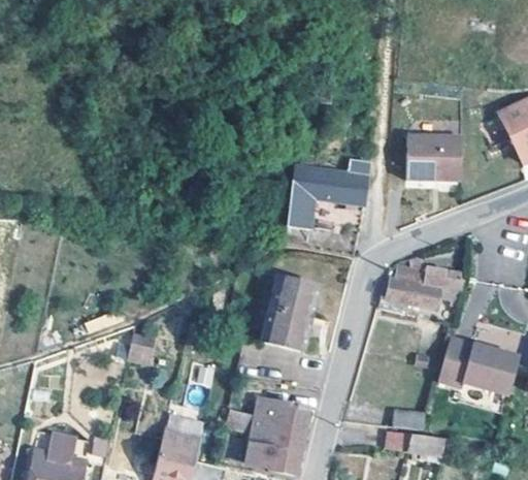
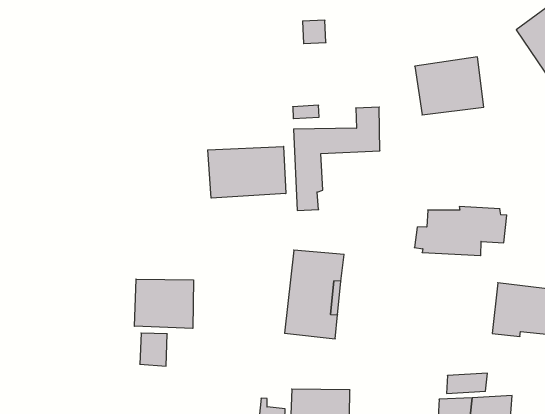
building: none -> [208,146,286,198]
building: none -> [134,279,193,328]

